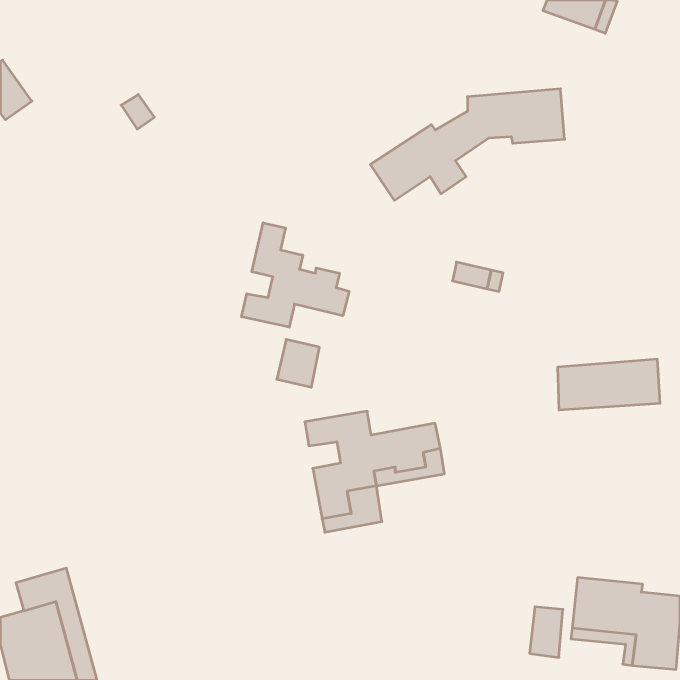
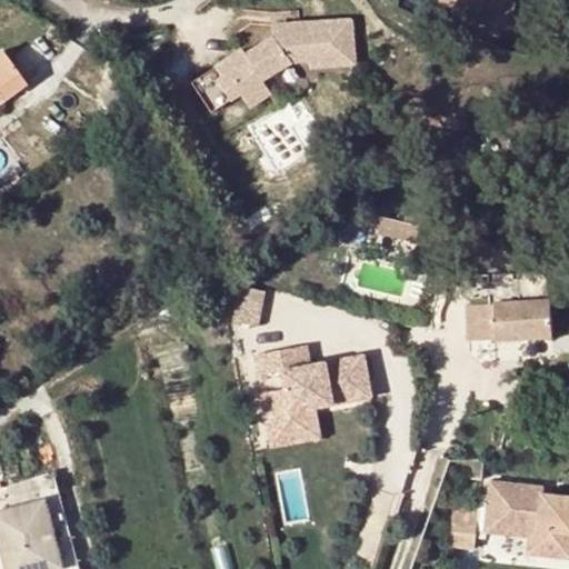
building: [370,89,565,200] -> [191,19,353,112]
building: [242,223,349,327] -> none

